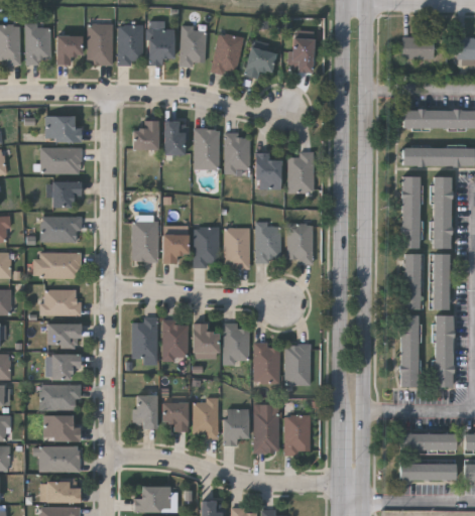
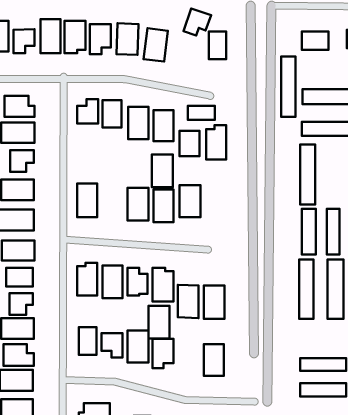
building: [243,46,276,79] -> [184,9,211,35]
building: none -> [188,106,215,120]
building: [434,174,451,247] -> [281,57,295,117]
building: [287,224,313,263] -> [152,154,173,187]
building: [163,235,188,264] -> none
building: [254,413,279,453] -> [149,306,170,338]

